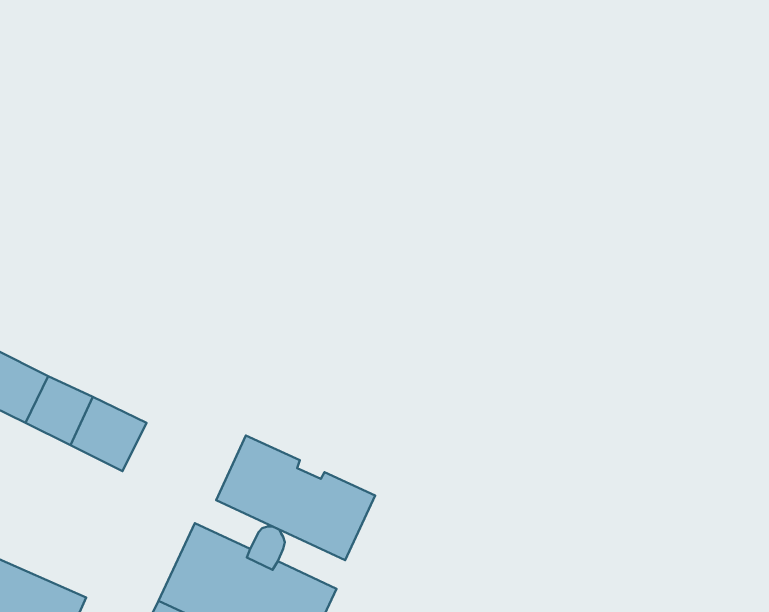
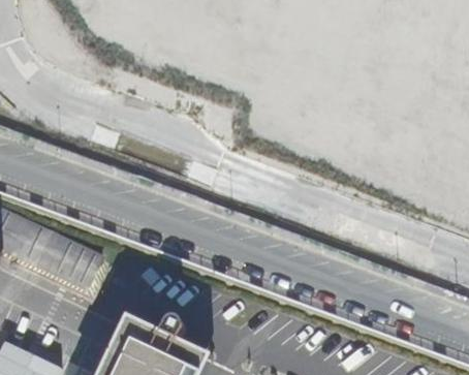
building: [216,436,375,560] -> none

